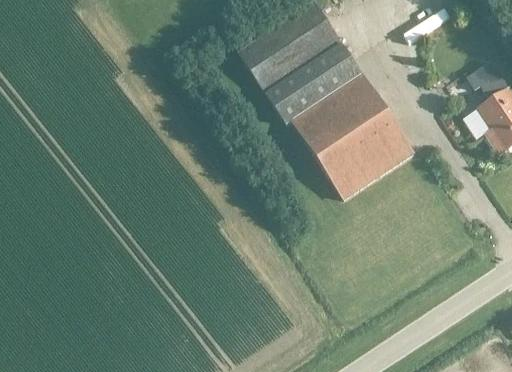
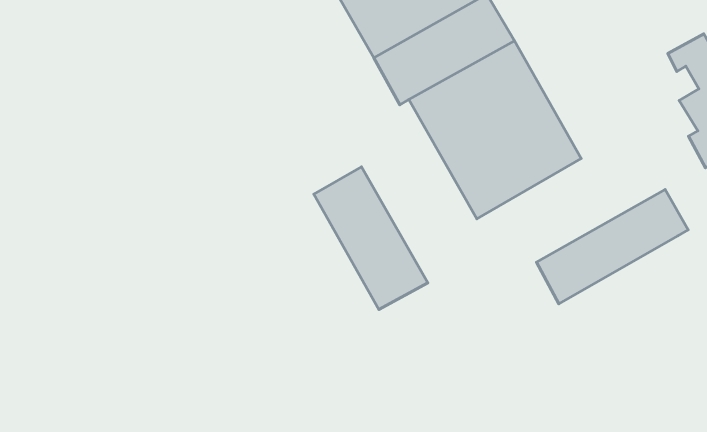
building: none -> [314,167,428,309]
building: none -> [537,189,688,304]

